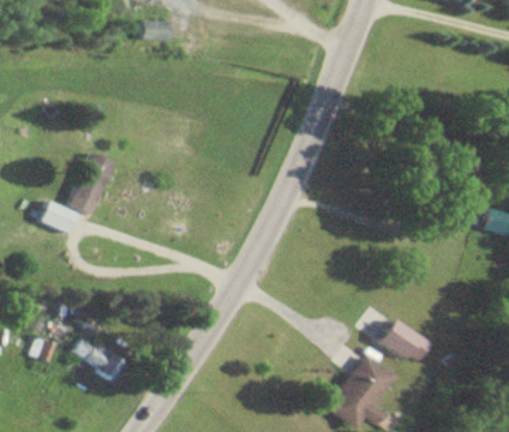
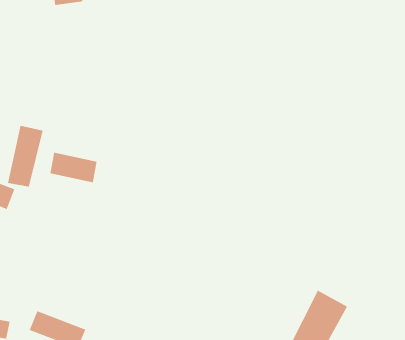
building: none -> [50,152,97,183]
building: [378,320,418,359] -> none

